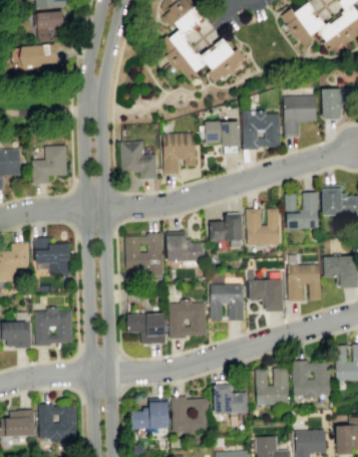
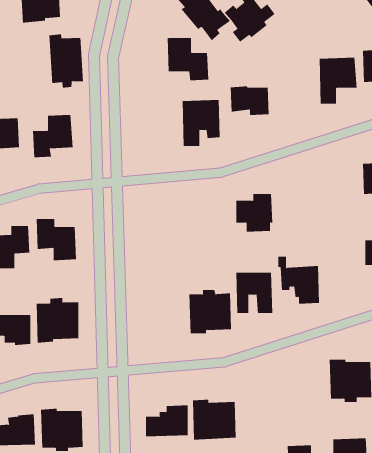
building: none -> [49,34,83,89]
building: [243,110,280,151] -> none
building: [120,142,157,180] -> [167,38,209,81]
building: [285,192,318,231] -> none
building: [246,209,280,245] -> none
building: [124,233,162,276] -> none
building: [166,235,205,262] -> none
building: [287,254,321,301] -> none
building: [125,313,166,344] -> none
building: [256,368,290,405] -> none
building: [213,381,248,414] -> none

